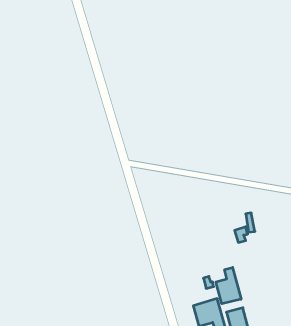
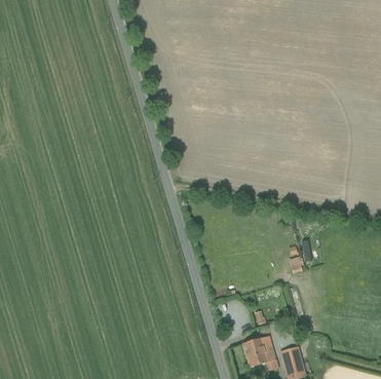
building: [216,267,241,304] -> none

